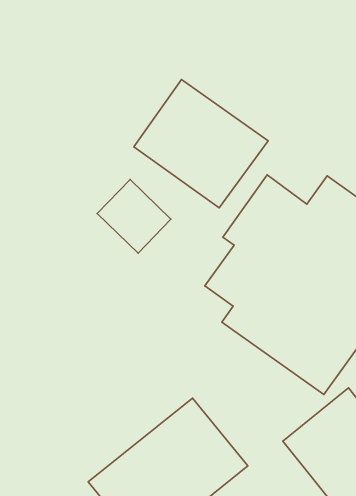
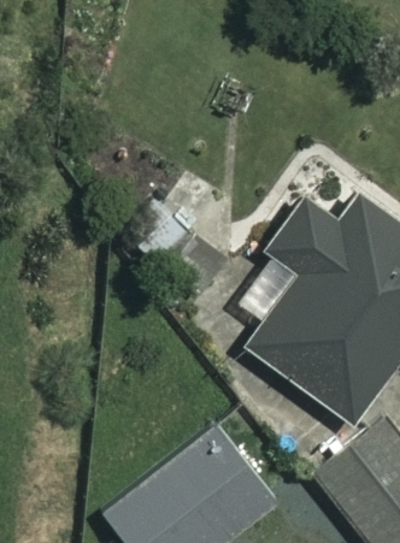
building: [134,80,268,208] -> none

